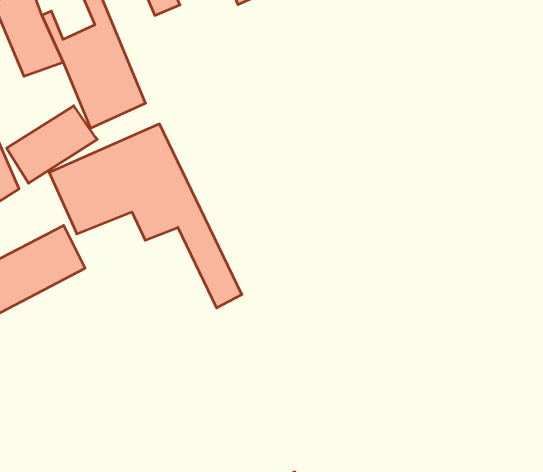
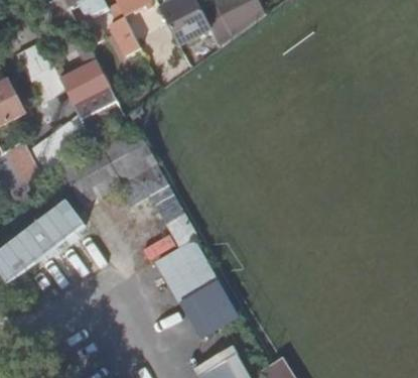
building: none -> [153,240,239,340]

